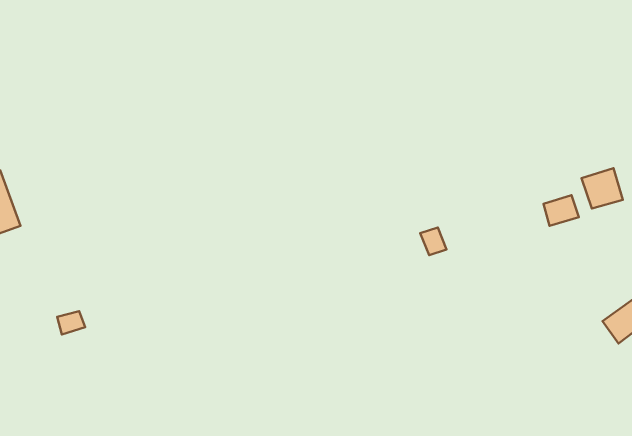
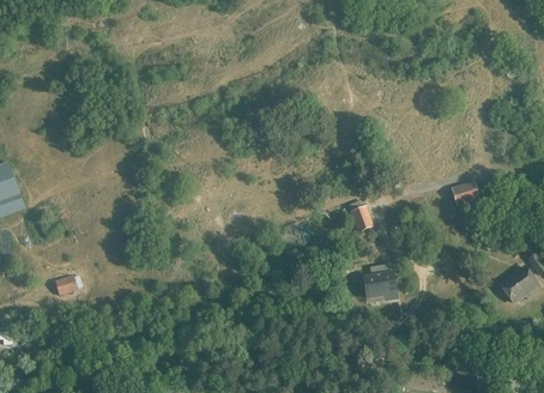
building: [582,168,623,209] -> none
building: none -> [363,266,397,300]

